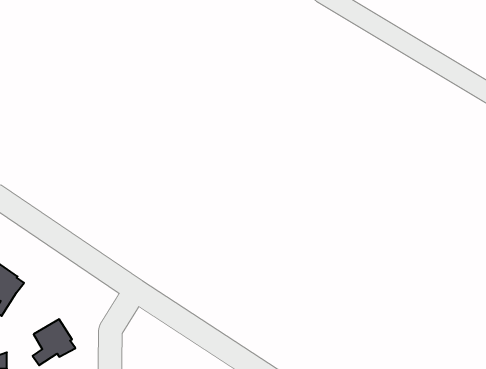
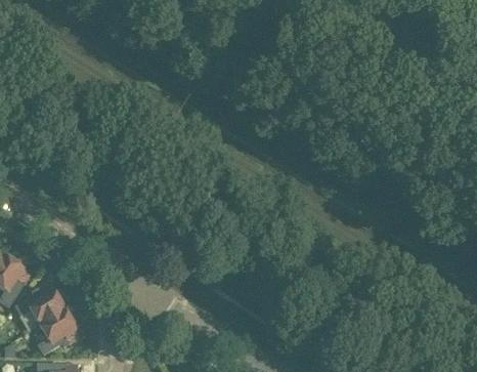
building: none -> [16,283,63,323]

